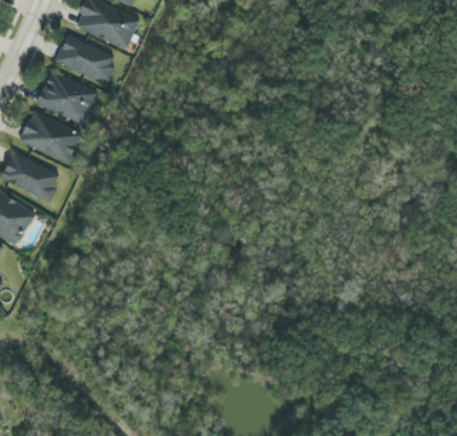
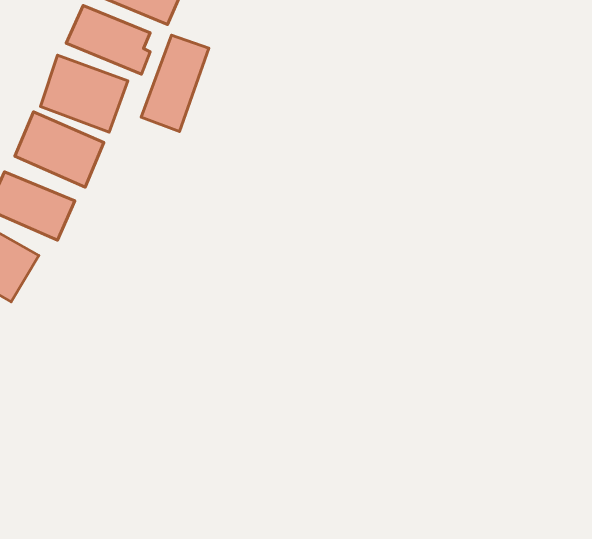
building: none -> [141,35,209,131]

